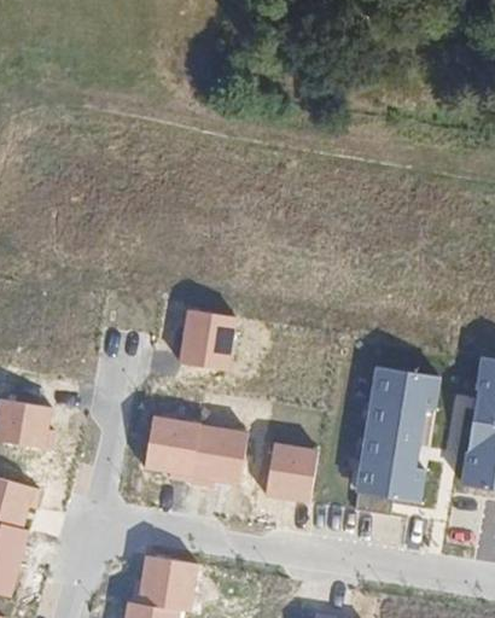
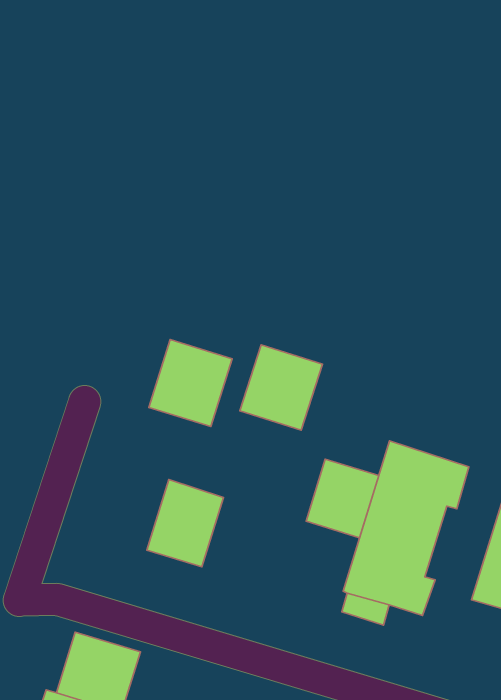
building: none -> [240,345,322,430]
building: [145,414,203,473] -> none
building: [267,442,320,501] -> [306,459,379,538]

